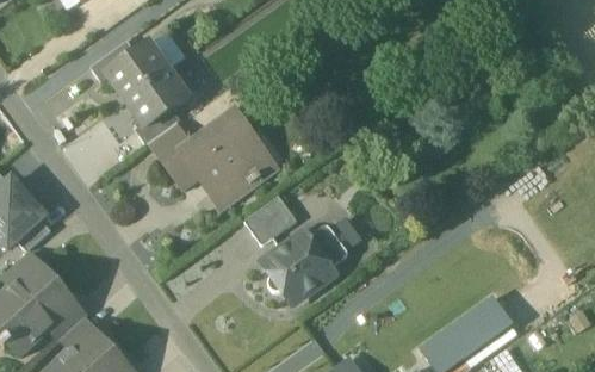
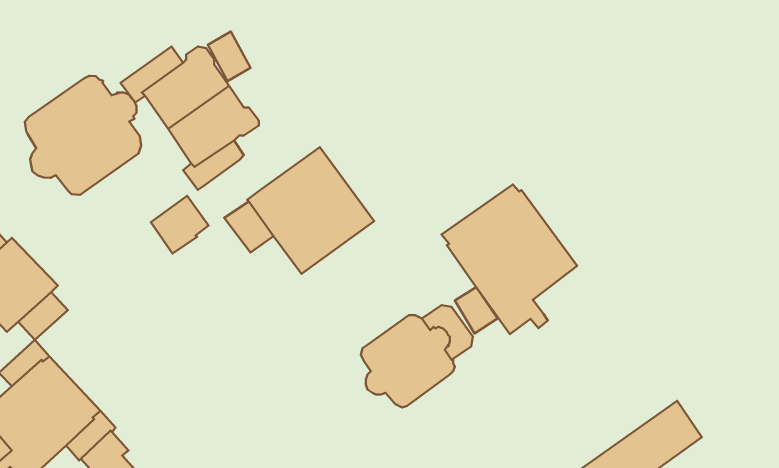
building: none -> [25,76,141,195]
building: [150,122,192,163] -> [151,196,209,253]
building: none -> [441,184,577,334]
building: [246,194,297,243] -> none

